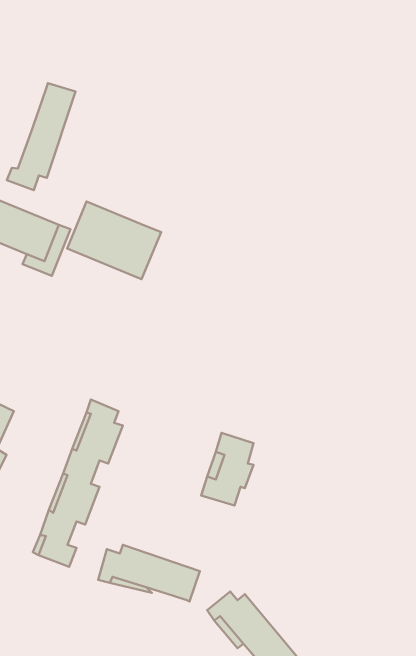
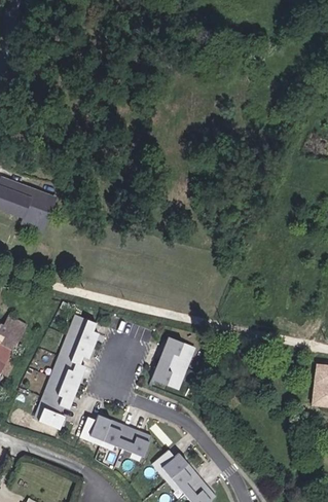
building: [7,83,76,190] -> none
building: [67,202,161,279] -> none

